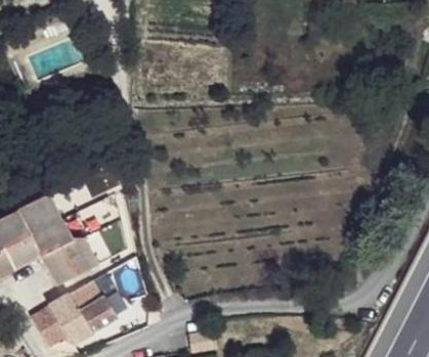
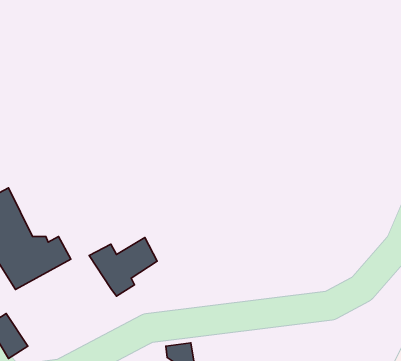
building: [47,289,109,343] -> [89,237,157,296]

